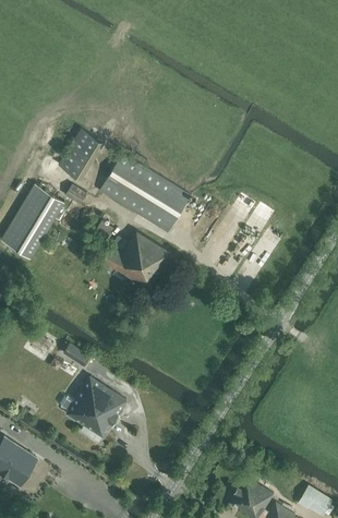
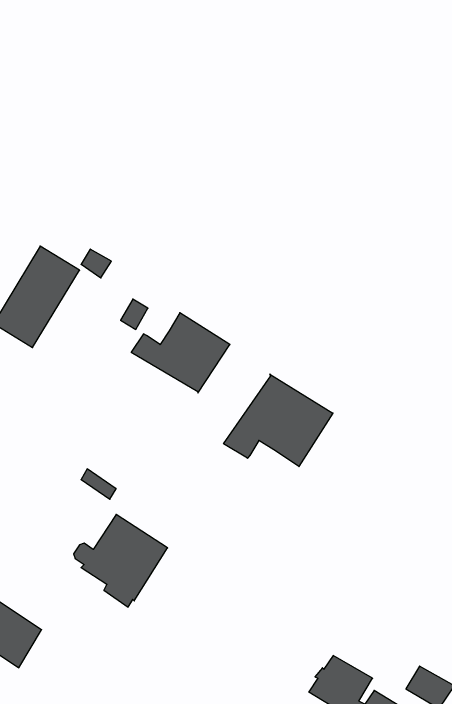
building: [58,129,104,180] -> none
building: [99,154,191,233] -> none
building: none -> [224,374,333,467]

